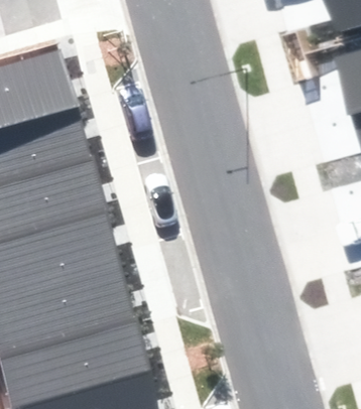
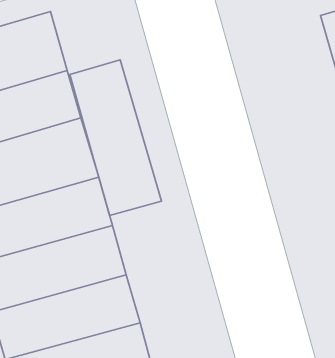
building: none -> [70,60,161,215]

